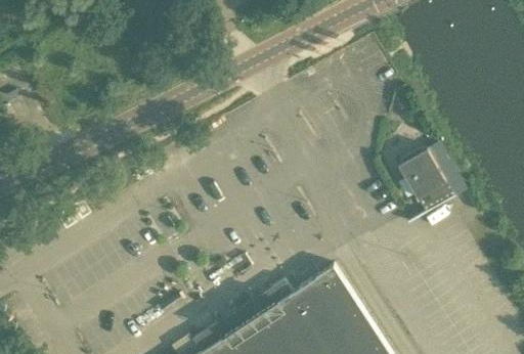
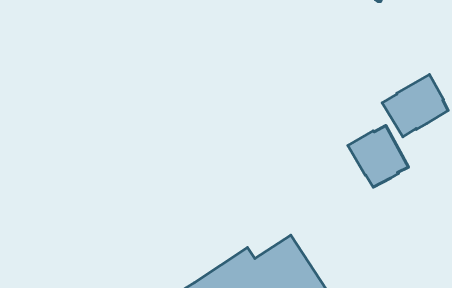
building: none -> [382,74,448,137]

